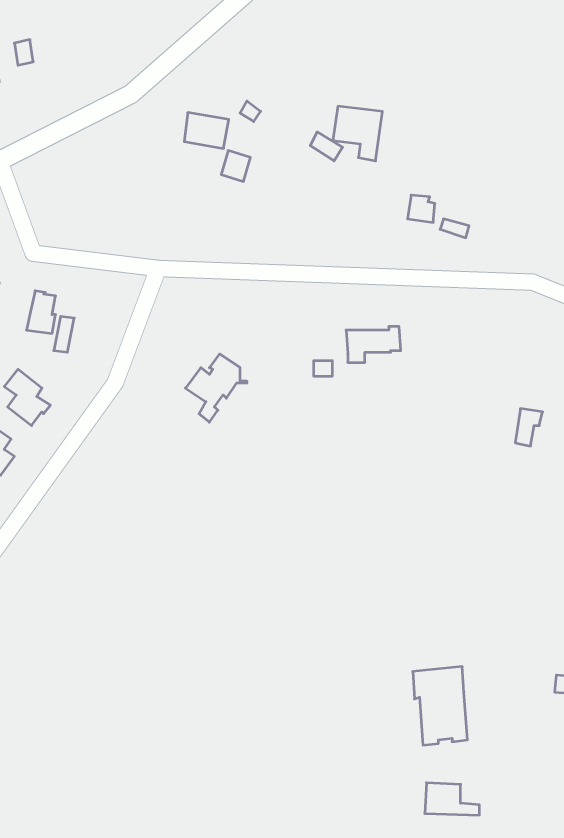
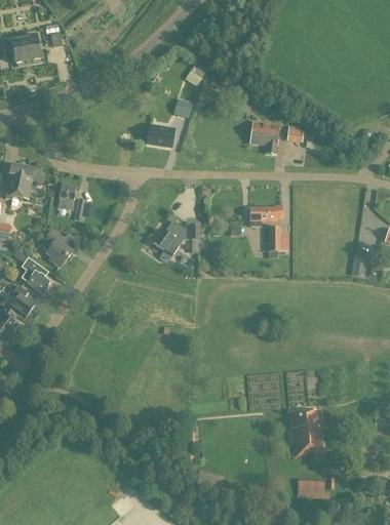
building: [333,106,382,161] -> [249,121,279,154]
building: [184,113,229,148] -> [148,125,174,147]
building: none -> [268,226,288,250]

